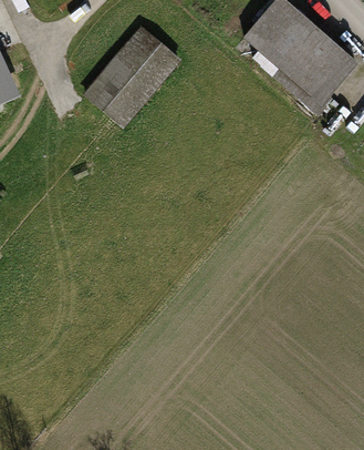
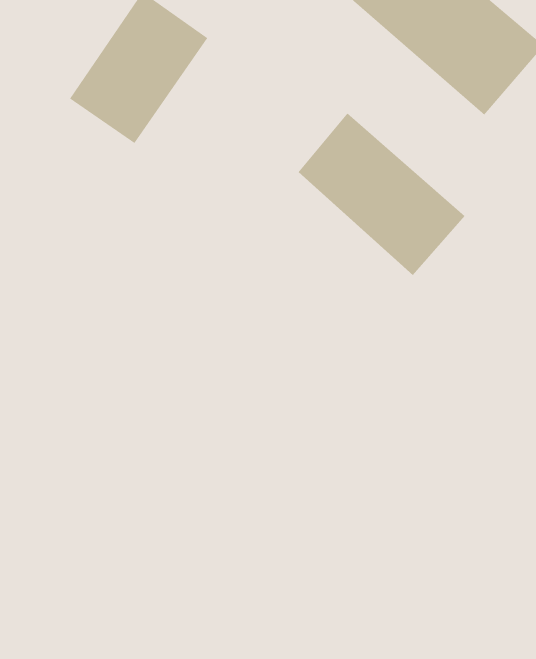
building: none -> [298,113,465,276]

